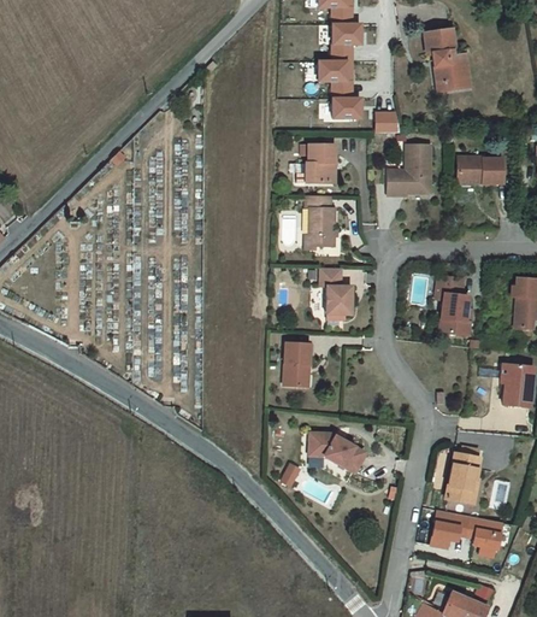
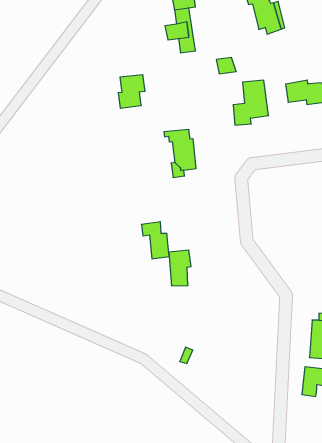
building: [335,99,362,118] -> none
building: [301,143,335,182] -> [118,75,145,108]
building: [317,266,347,311] -> [141,222,169,259]
building: [437,275,470,335] -> none
building: [311,430,365,470] -> none

